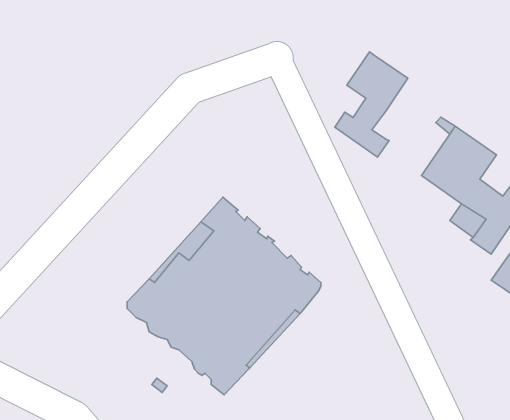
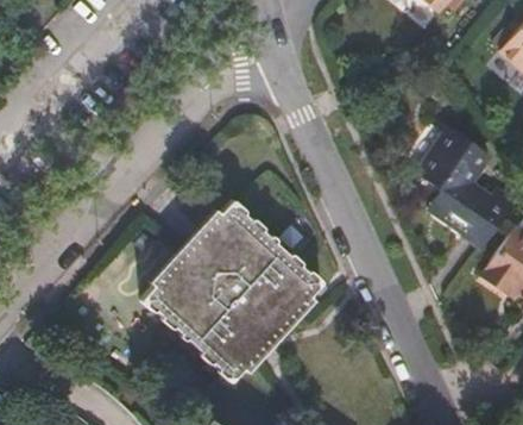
building: [335,52,408,157] -> none

